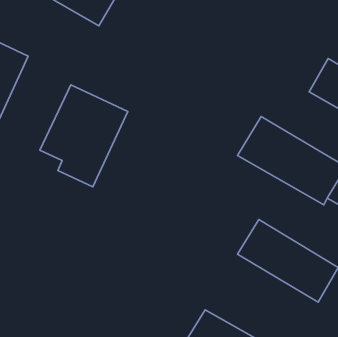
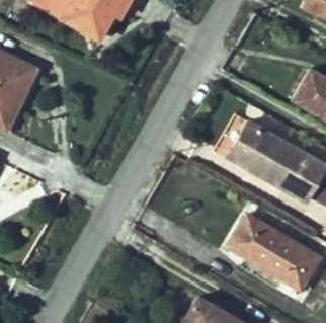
building: [40,85,128,187] -> none

